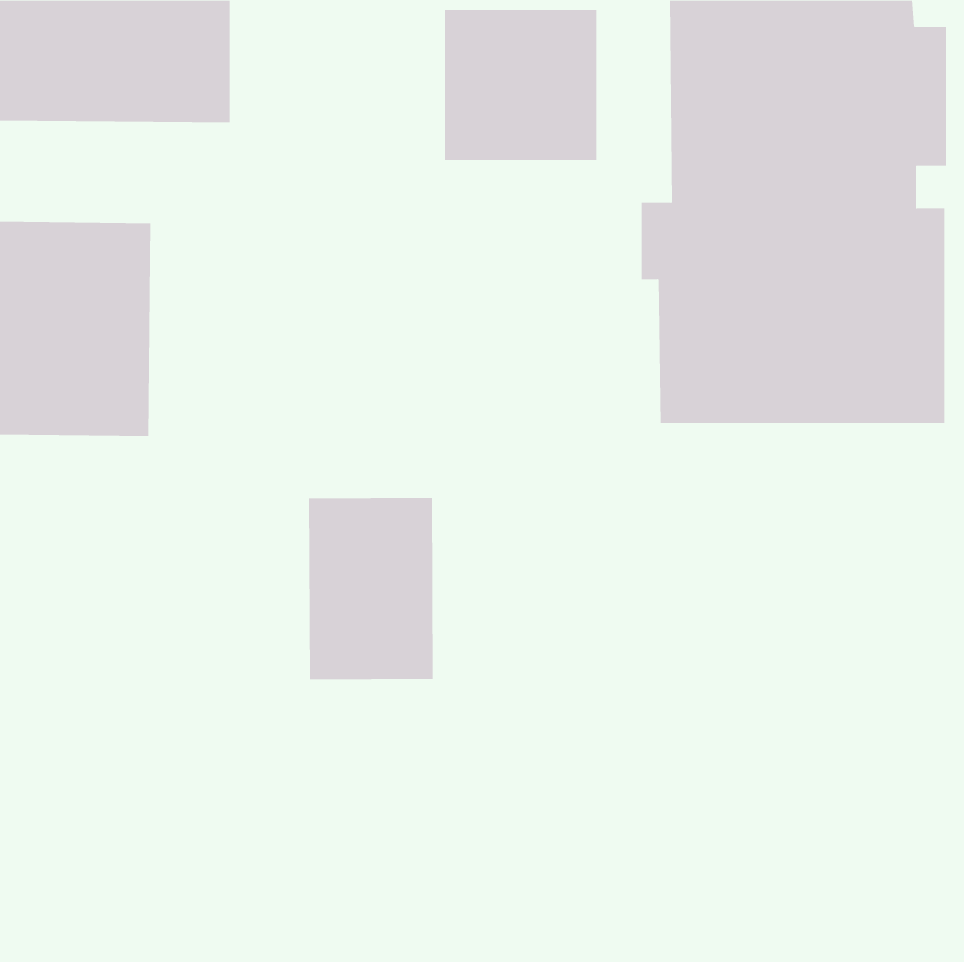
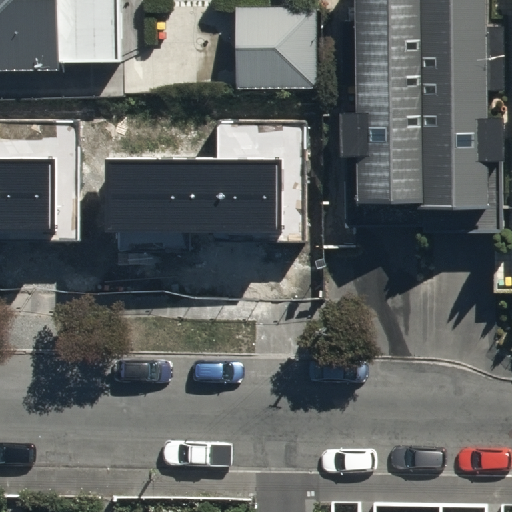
building: none -> [105,123,306,234]
building: [309,497,433,680] -> none

